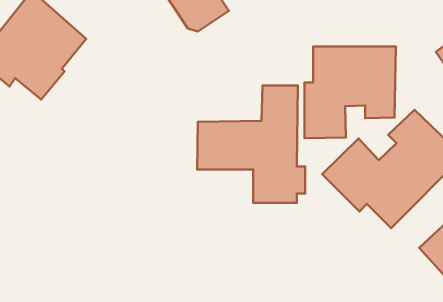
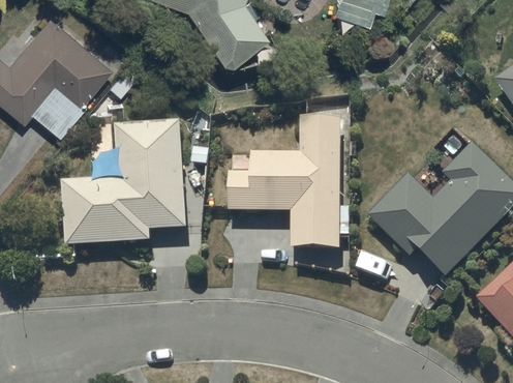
building: [305,46,396,138] -> none
building: none -> [63,120,186,244]

